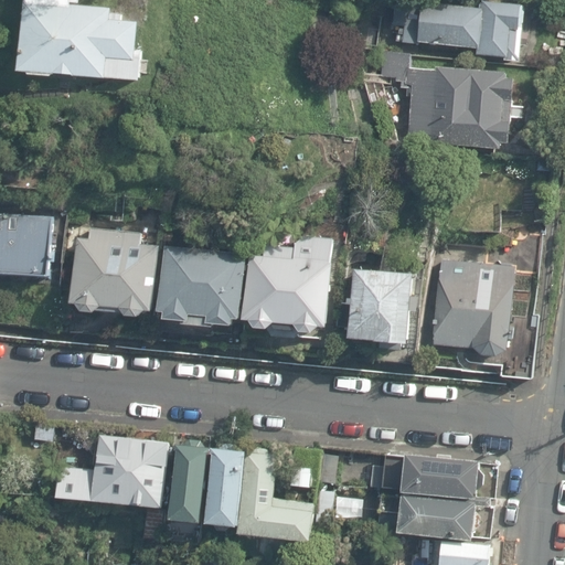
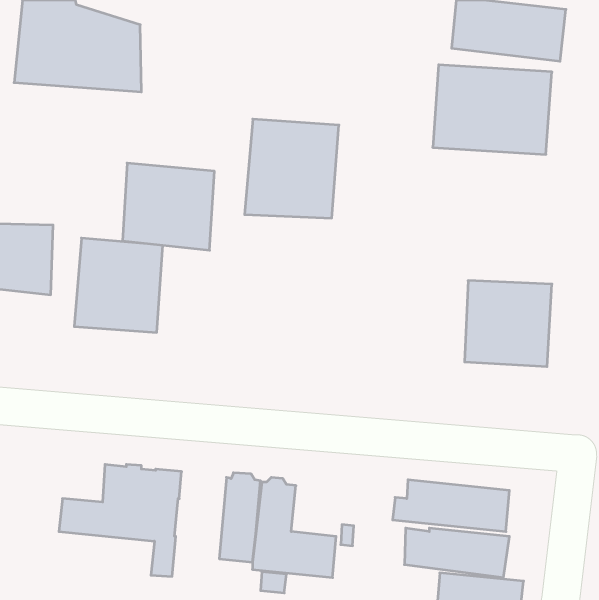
building: [242,235,330,328] -> [245,119,339,218]
building: [153,245,239,327] -> [122,163,214,250]
building: [347,268,413,342] -> none
building: [170,446,211,525] -> none

